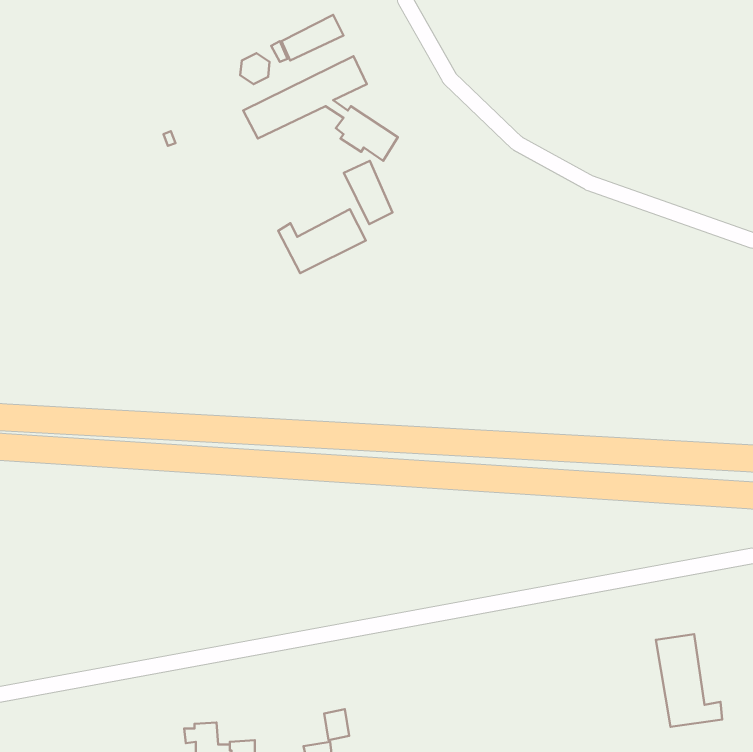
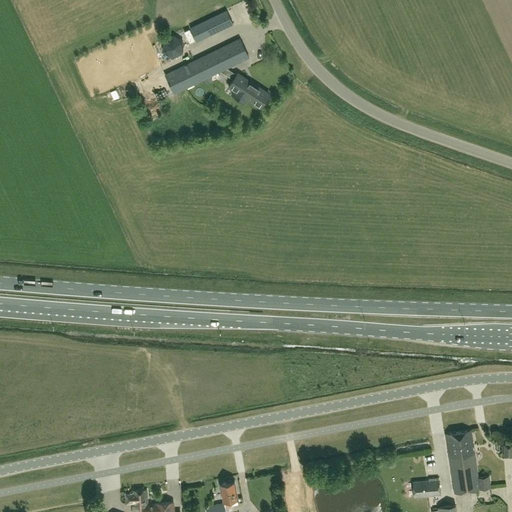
building: [344,161,393,224] -> none
building: [278,209,366,273] -> none
building: none -> [413,481,440,498]

